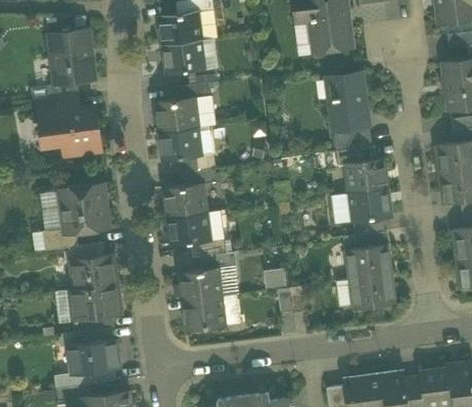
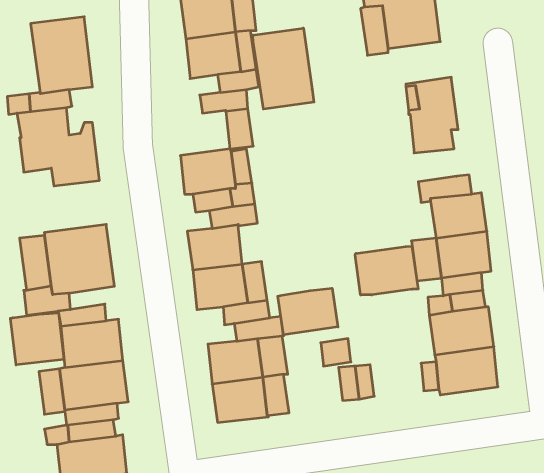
building: none -> [253,28,314,109]
building: [155,98,196,132] -> none
building: [333,127,365,151] -> none
building: none -> [355,246,418,295]
building: none -> [278,288,338,335]
building: none -> [10,313,64,365]

